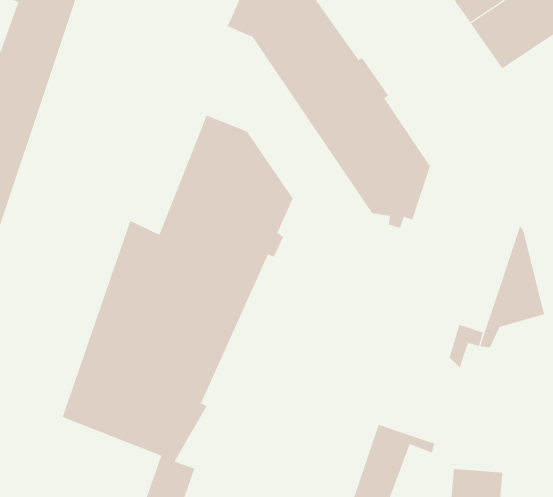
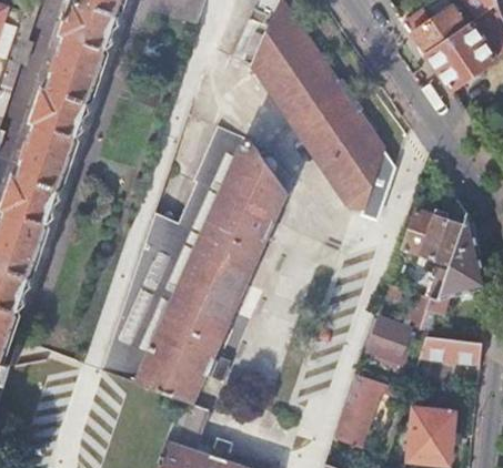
building: none -> [402,195,466,265]
building: none -> [365,319,409,362]
building: none -> [419,337,481,364]

